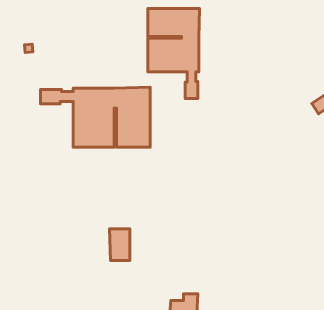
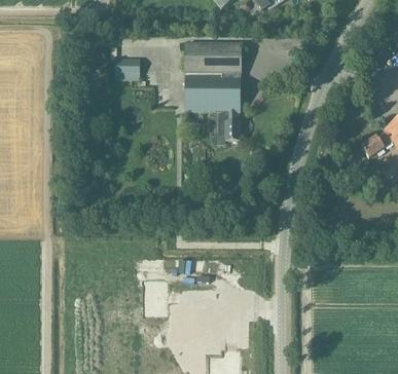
building: none -> [114,58,140,79]
building: [40,87,150,147] -> none

